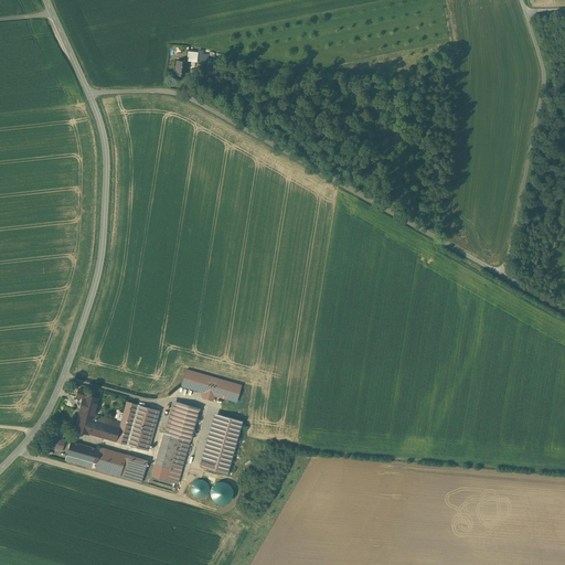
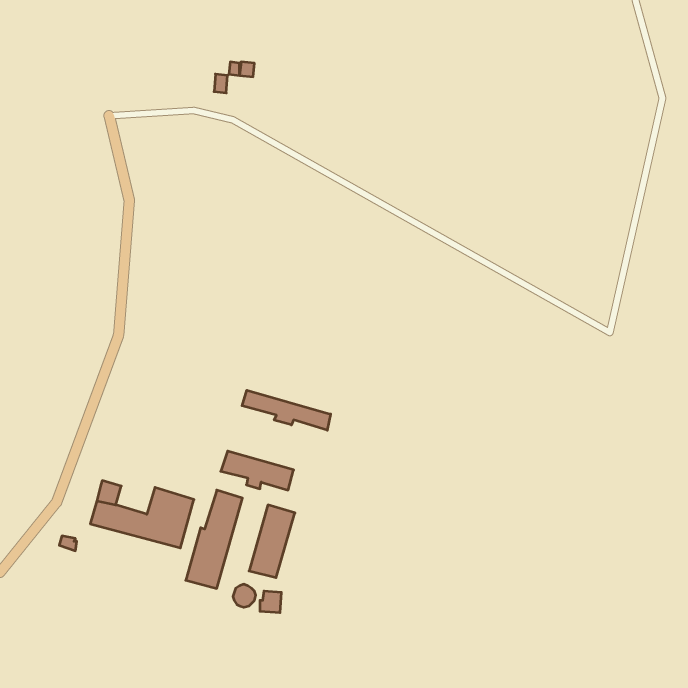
building: none -> [242,390,331,430]
building: [65,440,147,482] -> none

